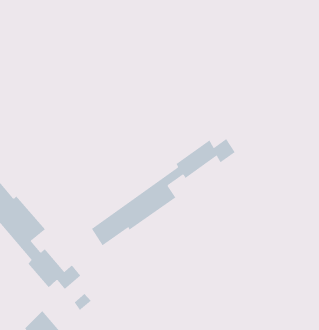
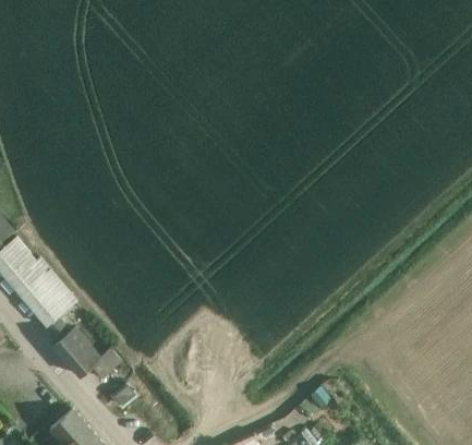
building: [91,138,235,246] -> none

